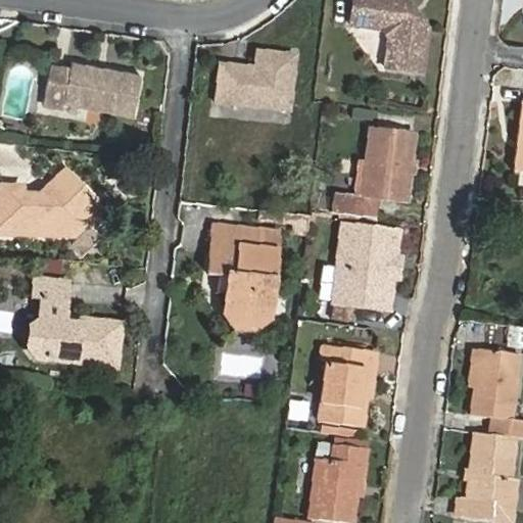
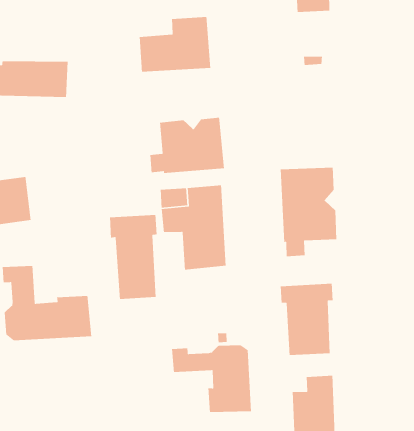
building: [332,129,415,219] -> none
building: none -> [150,117,225,174]
building: none -> [109,214,157,300]
building: none -> [171,344,252,413]

